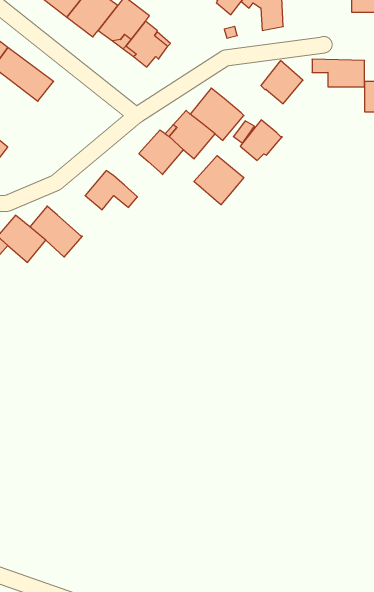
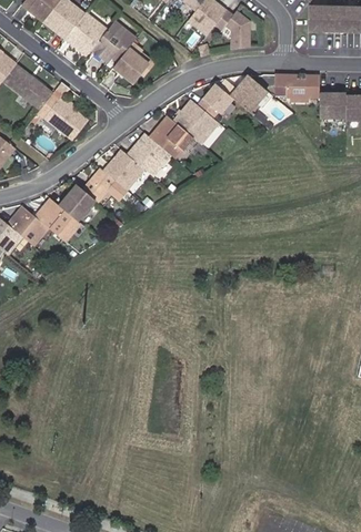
building: none -> [44,98,89,140]
building: [240,120,282,160] -> [199,84,234,119]
building: none -> [106,151,144,190]
building: [194,156,244,205] -> none
building: none -> [58,184,96,223]

